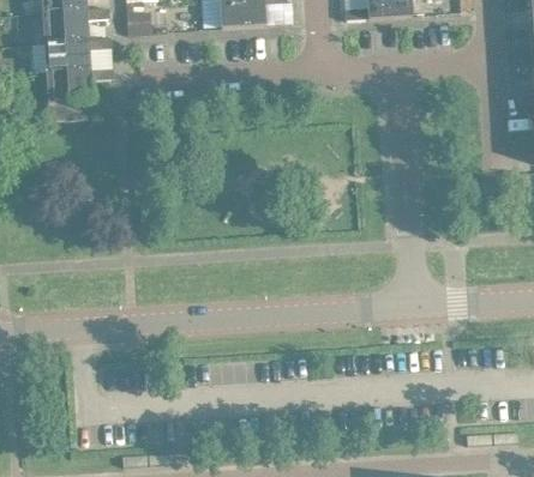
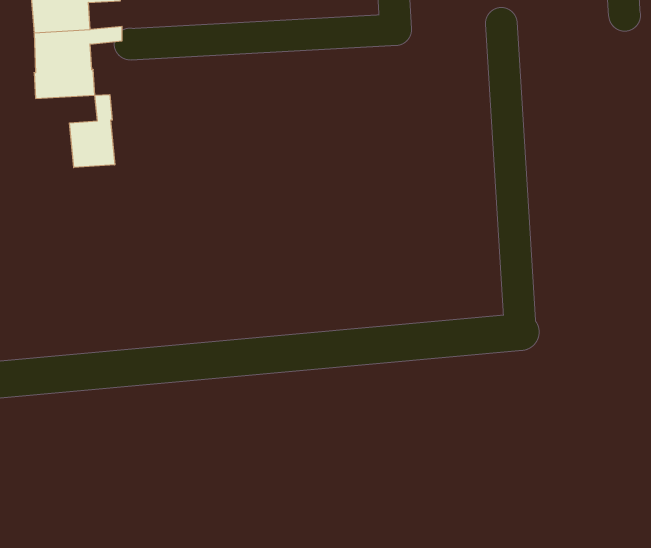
building: none -> [70,95,115,168]

